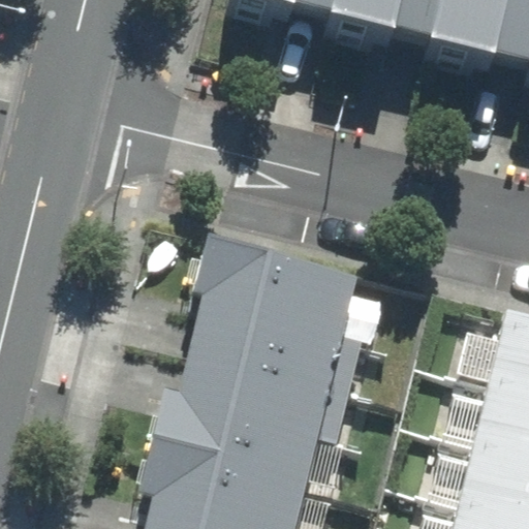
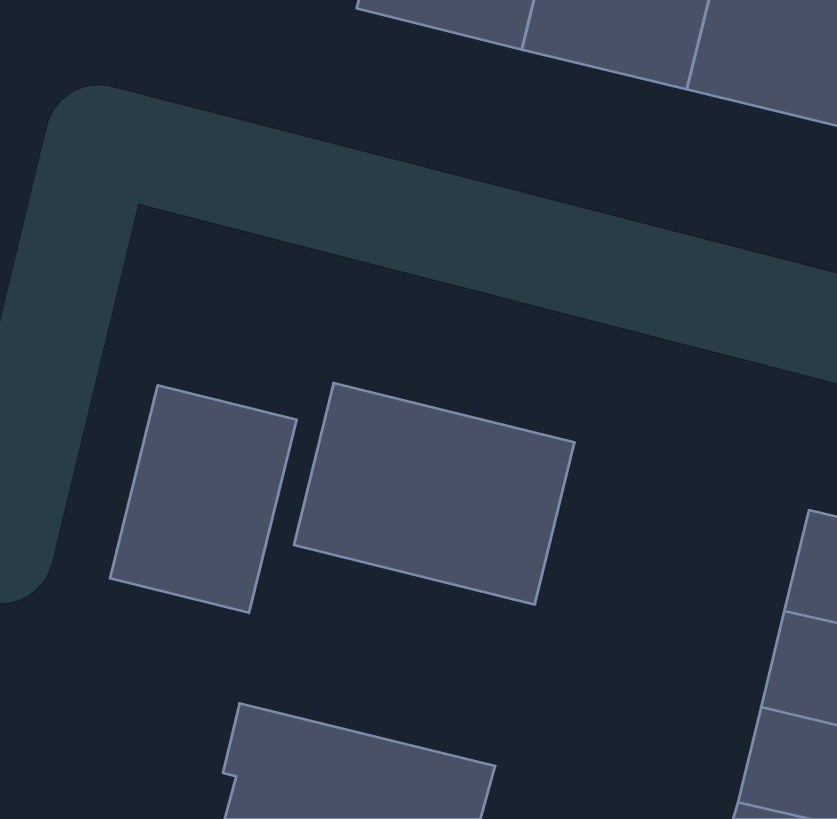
building: none -> [110,385,297,613]
building: [154,341,339,479] -> none

